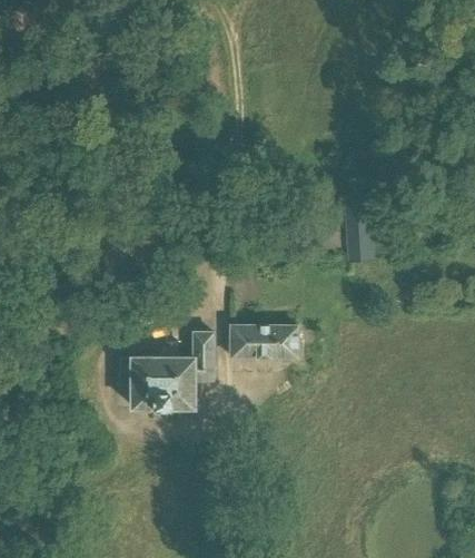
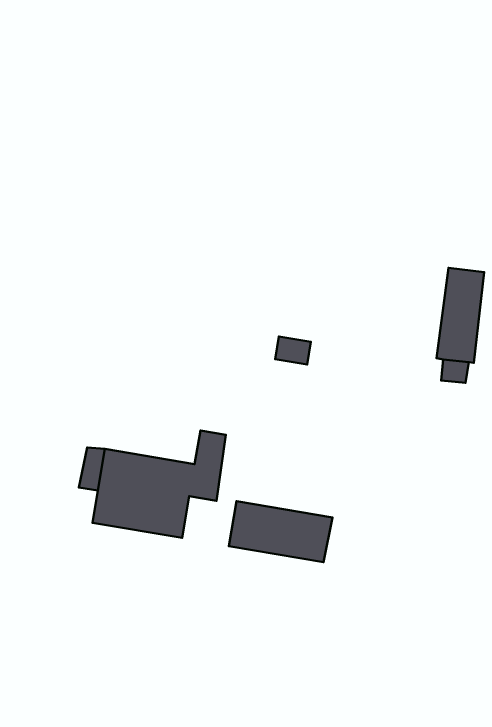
building: [231,325,298,356] -> [229,501,333,562]

